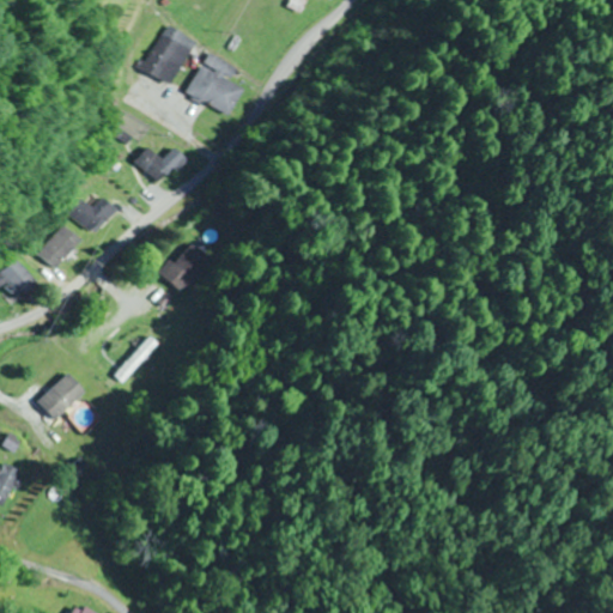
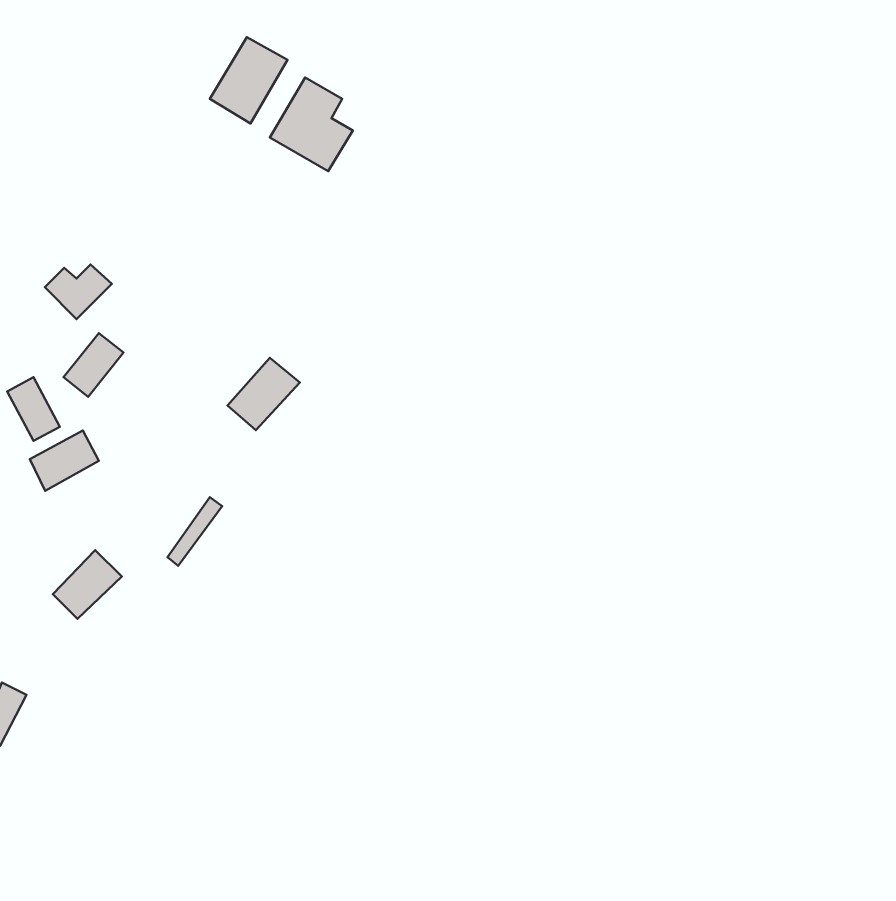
building: [134,147,183,184] -> none
building: [73,198,119,235] -> [45,264,112,319]
building: none -> [30,431,99,491]

